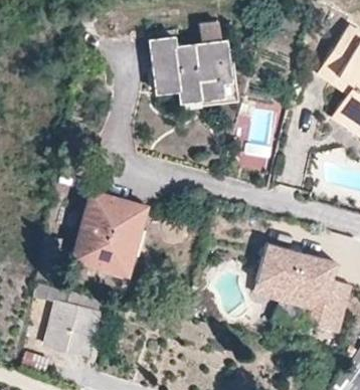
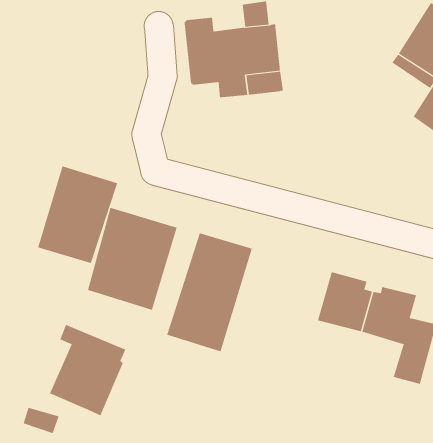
building: none -> [37,166,118,264]
building: none -> [167,232,252,352]
building: [252,281,324,327] -> none

